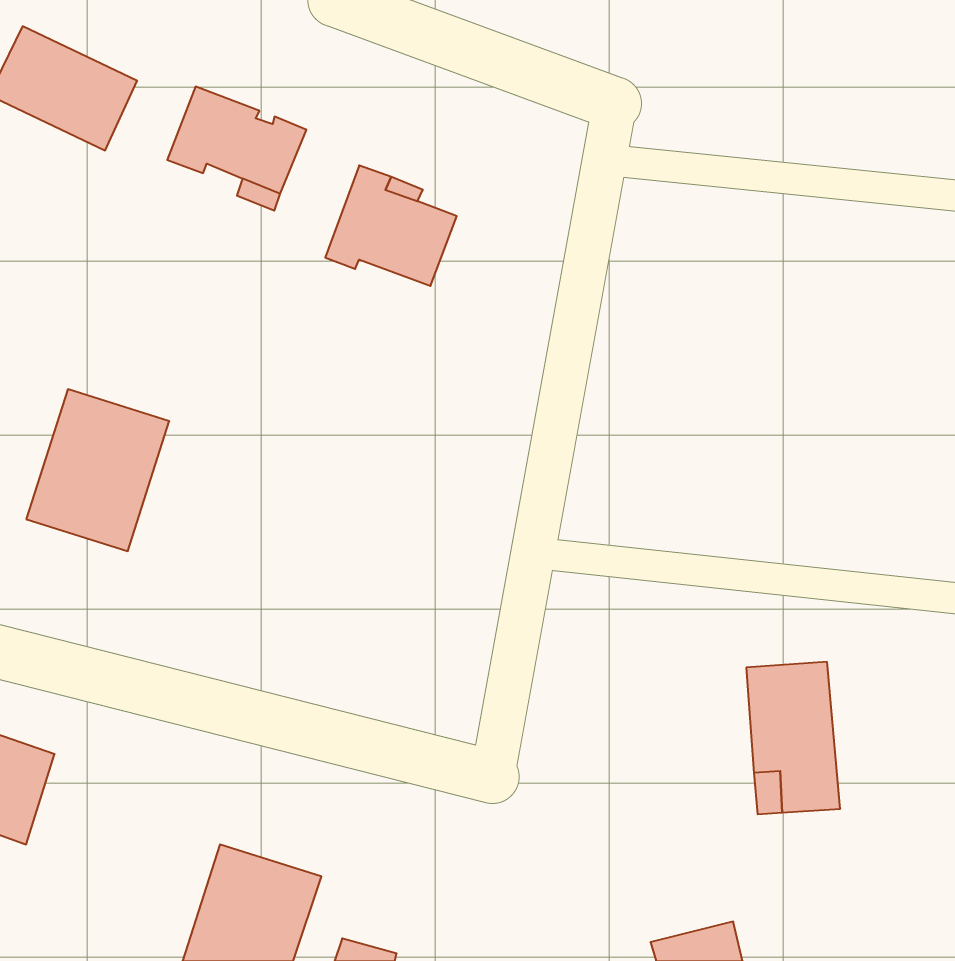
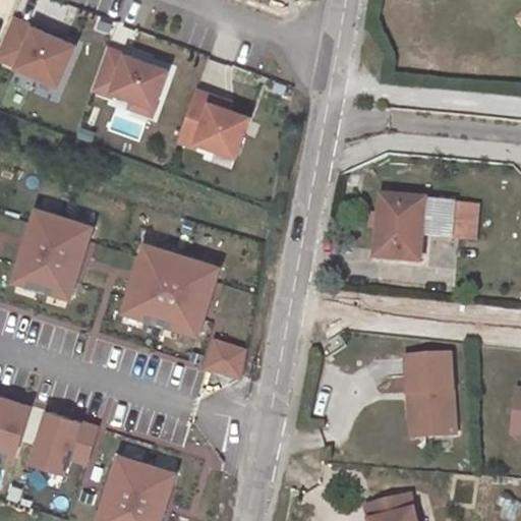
building: none -> [371,197,471,256]
building: none -> [124,246,218,335]
building: none -> [201,339,244,381]
building: none -> [32,413,97,473]

